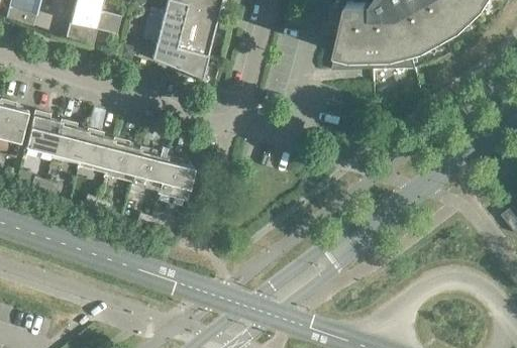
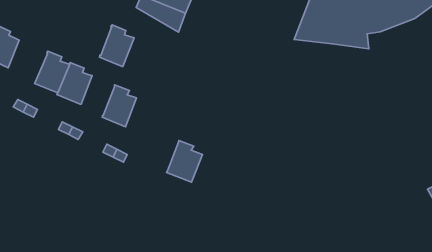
building: [25,109,62,153] -> none
building: [105,136,140,181] -> [100,25,134,67]
building: [158,154,195,199] -> [166,140,203,182]

